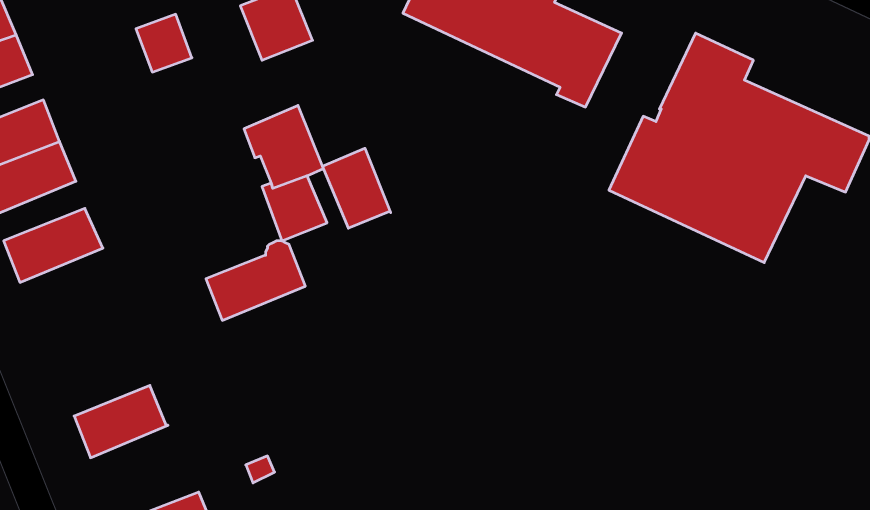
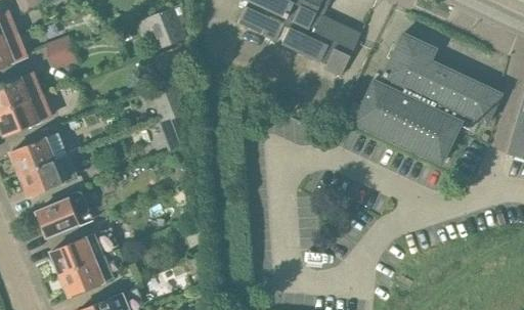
building: [136,14,192,72] -> [43,35,75,68]
building: [322,148,391,228] -> none
building: [206,241,305,320] -> [35,191,91,236]
building: none -> [19,156,75,197]
building: none -> [59,256,113,297]

